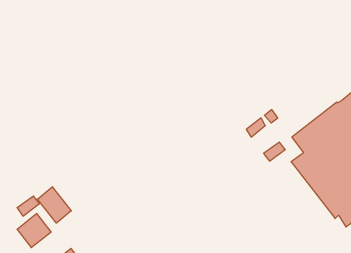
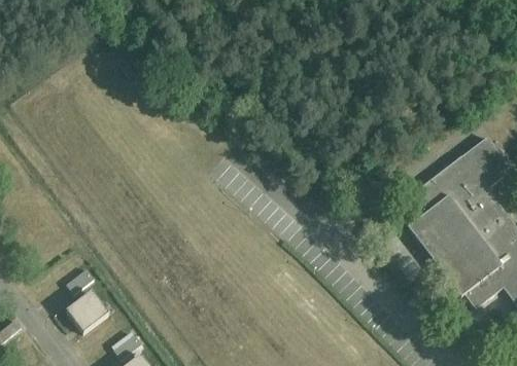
building: [37,187,71,223] -> none

